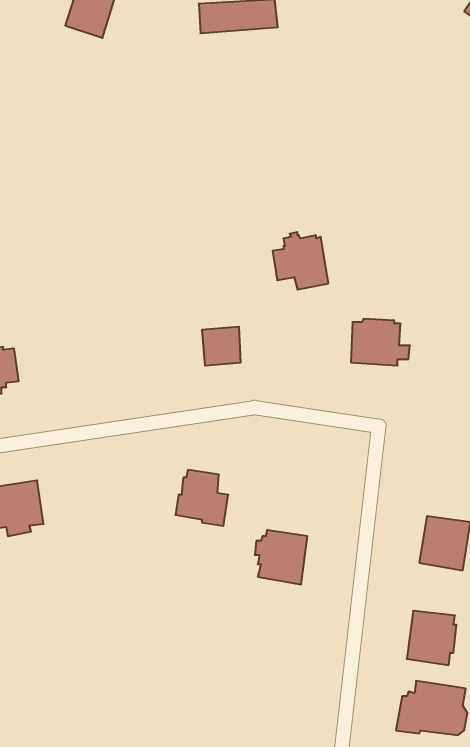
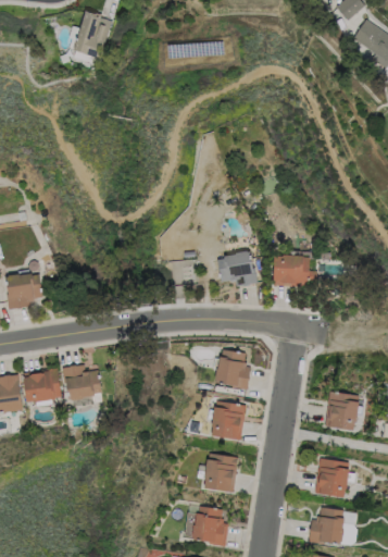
building: [273,232,328,290] -> [218,248,258,288]
building: [175,470,228,526] -> [213,350,250,389]
building: none -> [60,364,101,401]
building: none -> [202,454,237,492]
building: none -> [180,507,227,548]

